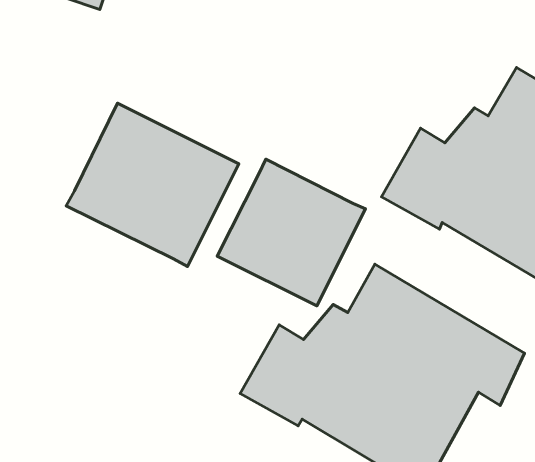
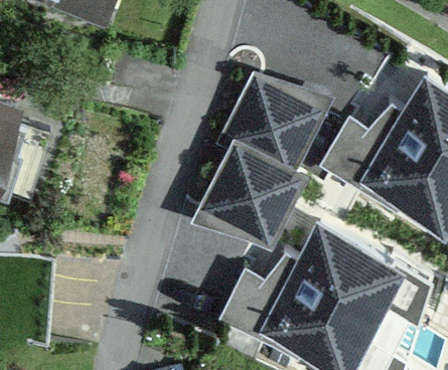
building: none -> [217,72,332,174]
building: [66,103,239,267] -> none

